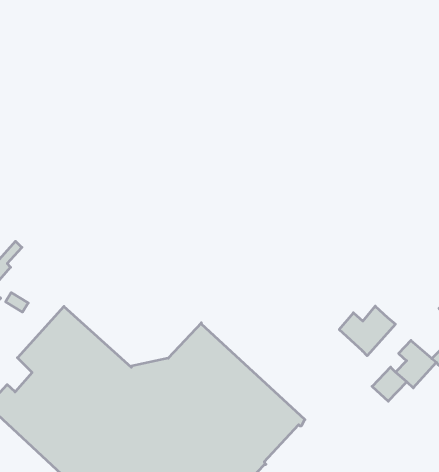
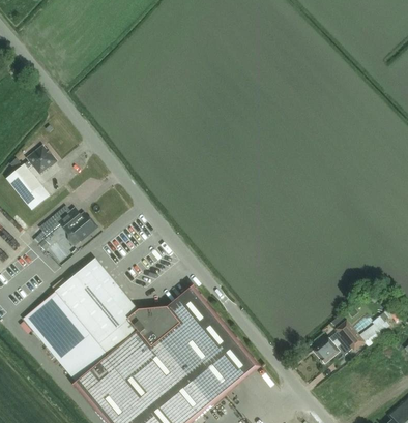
building: none -> [57,207,97,245]
building: [339,306,395,356] -> none

